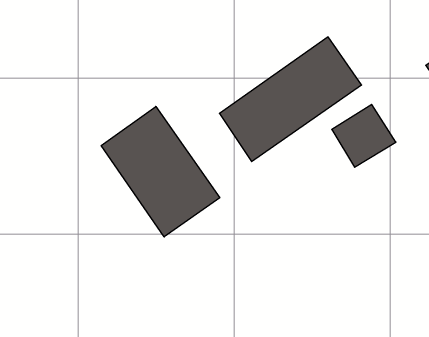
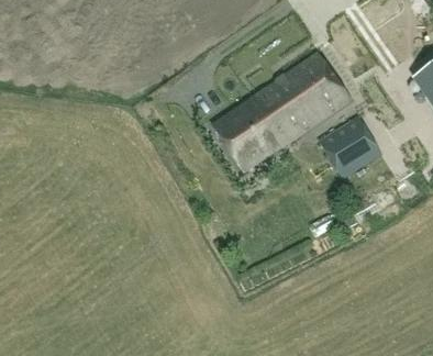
building: [101,106,220,237] -> none

